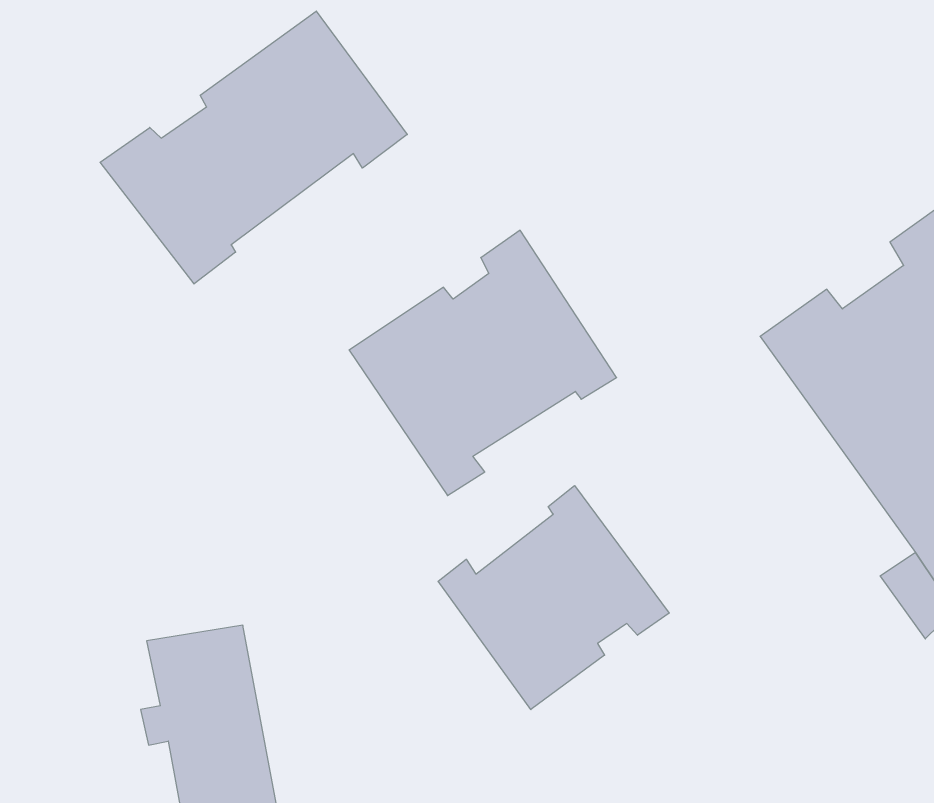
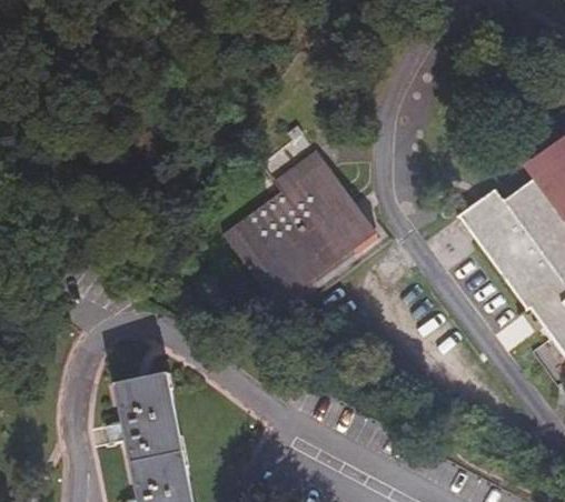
building: [100,11,407,284] -> none
building: [438,486,669,710] -> none

